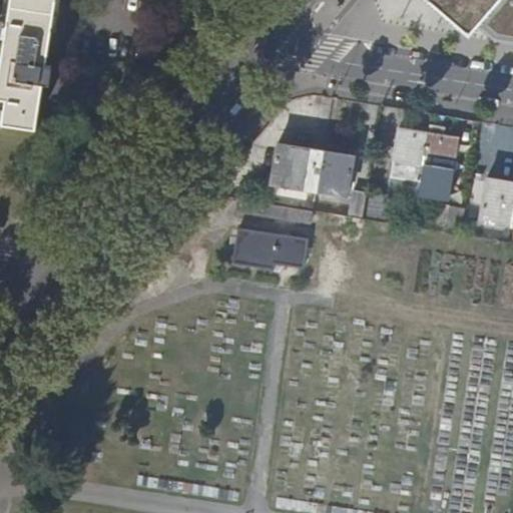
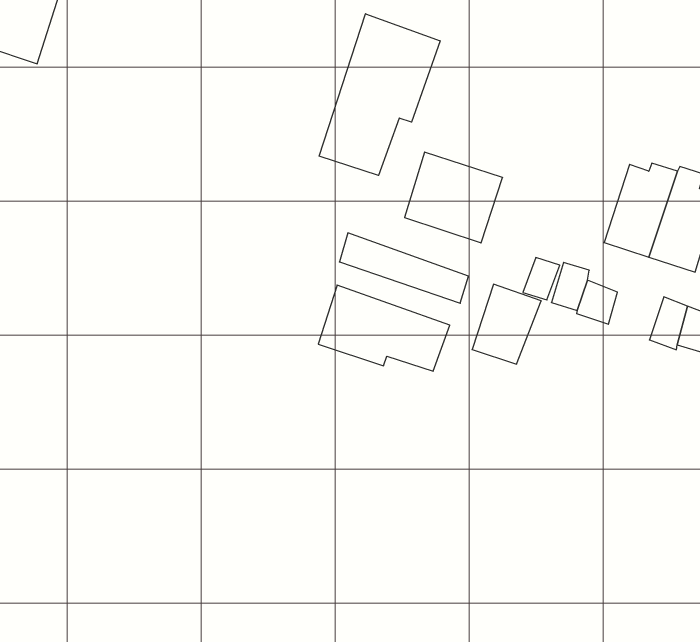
building: none -> [319,14,440,175]
building: [318,148,354,193] -> [472,284,541,364]

